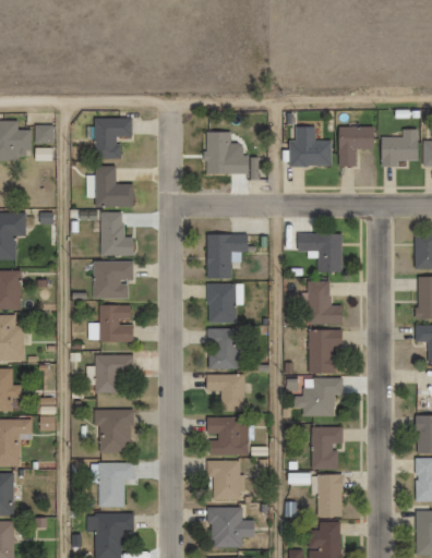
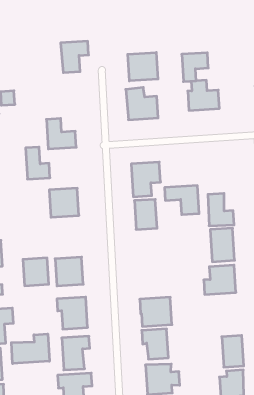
building: none -> [128,52,158,81]
building: [94,118,131,158] -> [61,41,89,73]
building: [338,128,373,165] -> [182,53,208,82]
building: [101,213,132,255] -> [26,147,50,179]
building: [297,233,341,271] -> [165,186,199,215]
building: [98,305,131,341] -> [23,258,49,286]
building: [208,328,237,368] -> none
building: [206,374,244,410] -> none
building: [311,427,341,469] -> none
building: none -> [11,334,49,364]

